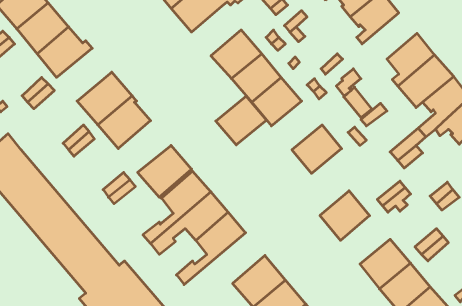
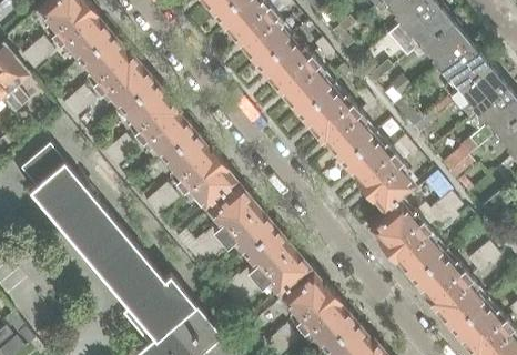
building: none -> [236,11,287,62]
building: none -> [412,18,468,65]
building: none -> [98,54,154,109]
building: [216,96,267,145] -> [318,109,371,159]
building: none -> [161,129,215,182]
building: none -> [359,158,412,209]
building: none -> [389,226,440,276]
building: none -> [229,244,310,307]

